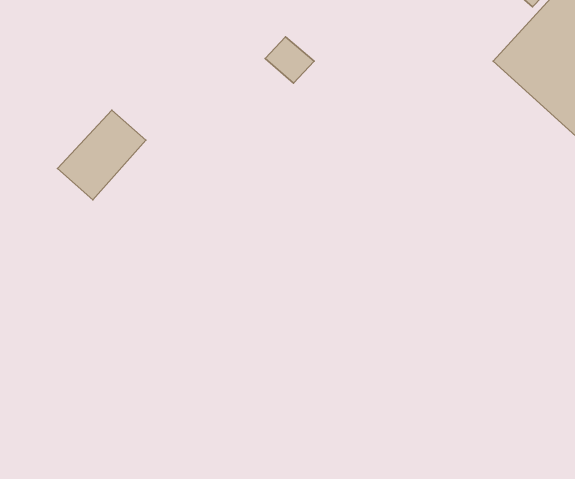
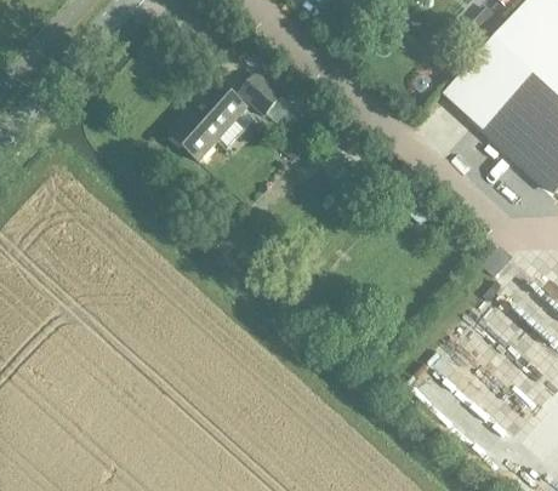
building: [57,110,146,200] -> [167,80,246,160]

